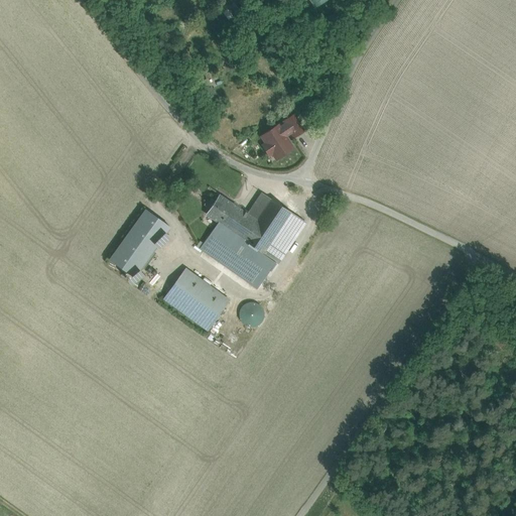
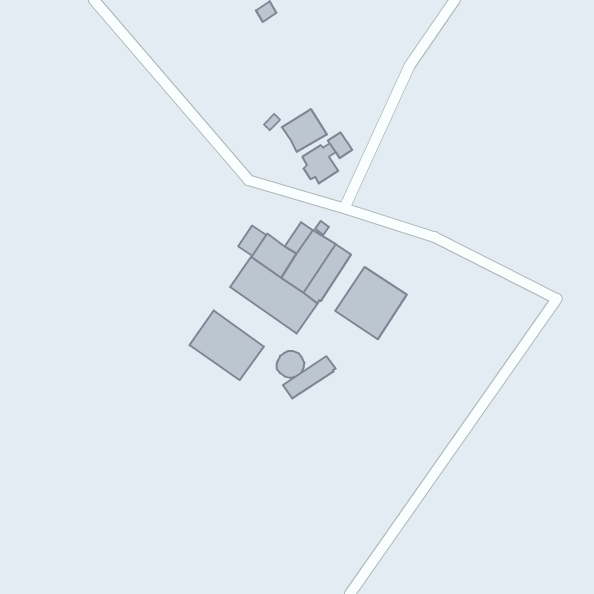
building: none -> [282,109,327,152]
building: [110,210,170,277] -> none
building: none -> [335,267,407,339]
building: none -> [283,356,336,399]

